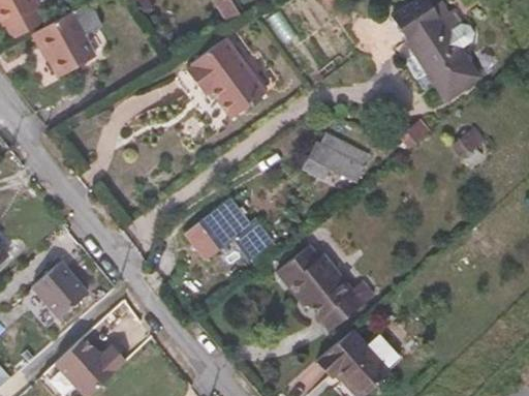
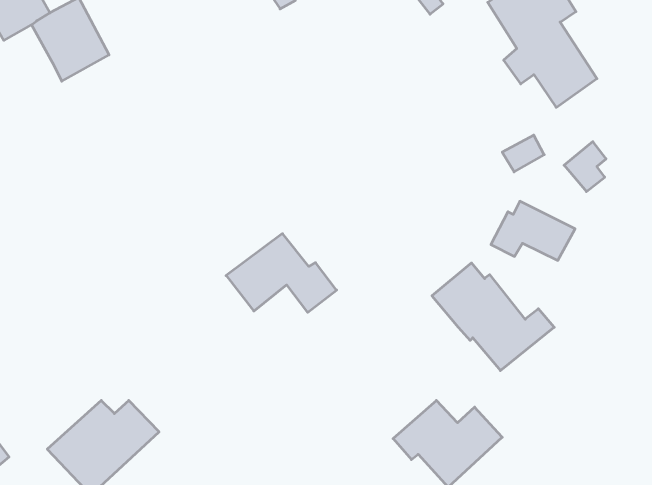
building: [174,35,268,119] -> none
building: [304,133,370,180] -> [491,201,575,260]
building: [278,244,374,329] -> [432,263,554,371]
building: [31,264,92,324] -> none

